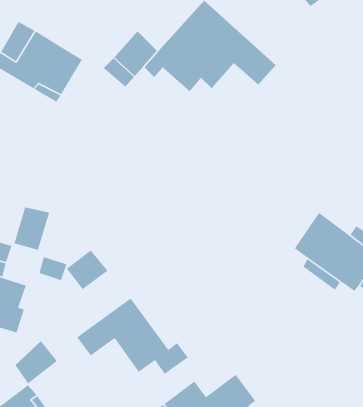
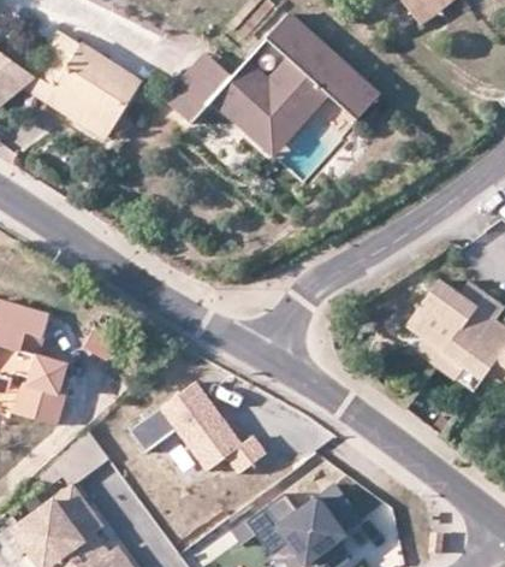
building: none -> [228,96,301,150]
building: [14,206,50,251] -> none
building: [66,250,108,290] -> none

